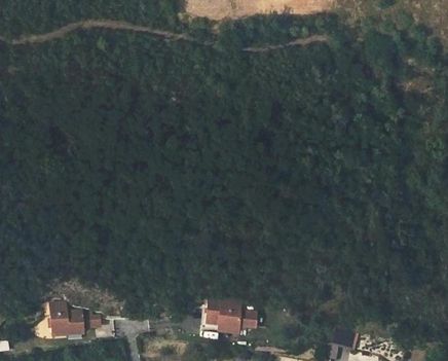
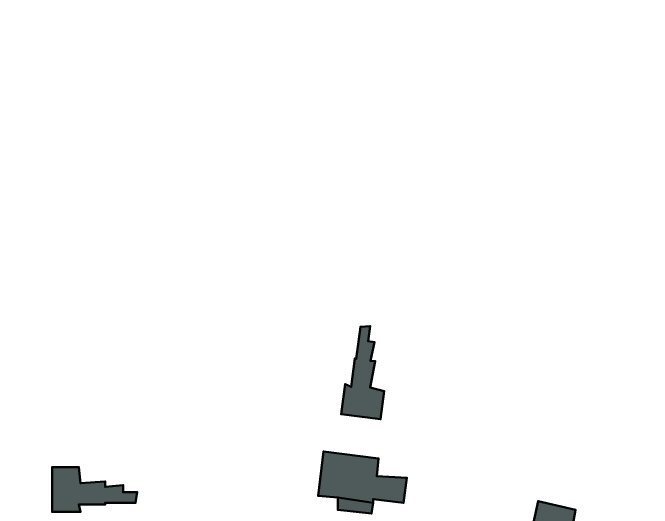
building: none -> [341,326,384,419]

